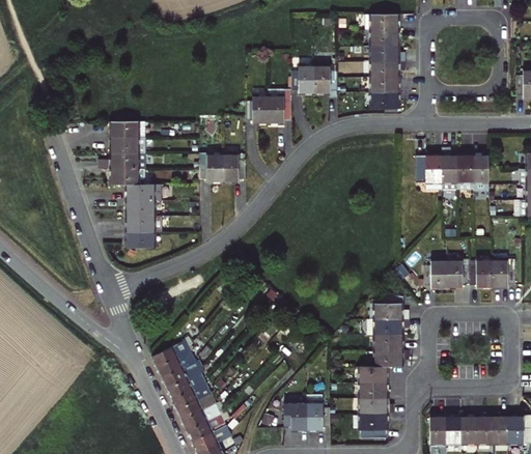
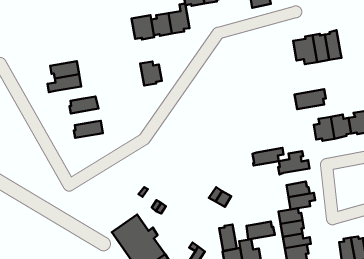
building: [109,121,143,137] -> none
building: [197,153,221,181] -> [132,15,154,39]
building: [471,154,486,183] -> none
building: [110,169,143,185] -> none
building: [124,200,153,216] -> none
building: none -> [294,89,326,109]
building: [124,231,152,248] -> none
building: [368,319,408,335] -> [252,148,284,166]
building: none -> [219,224,237,251]
building: none -> [247,222,275,240]

